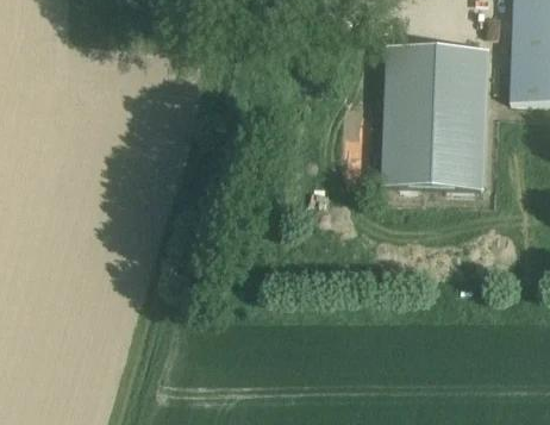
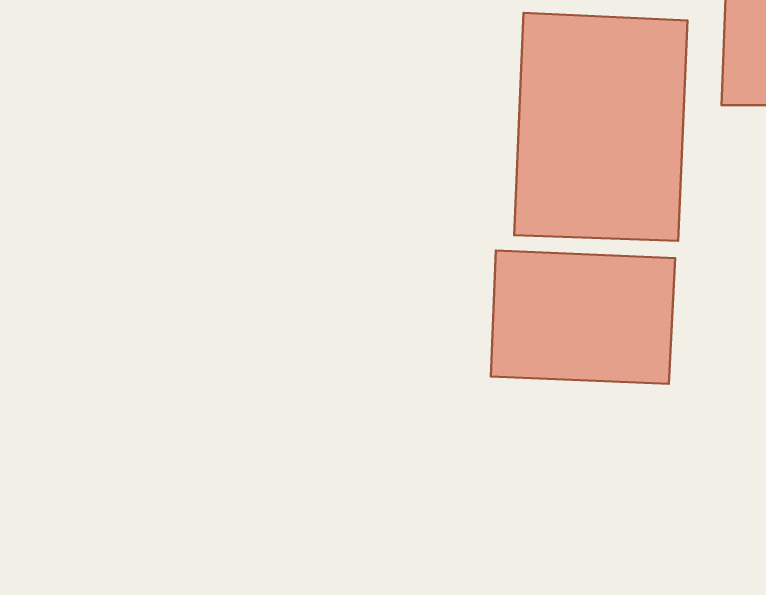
building: none -> [491,251,675,384]

